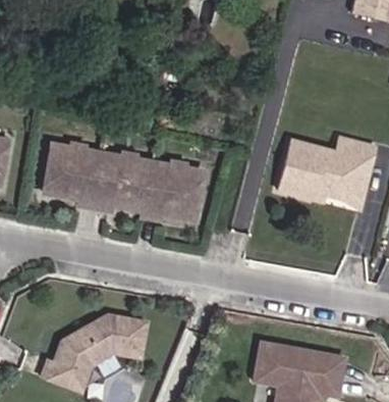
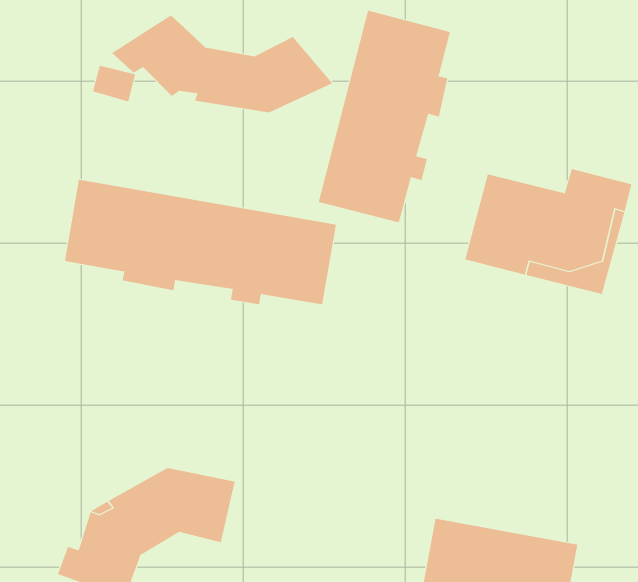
building: none -> [318,10,450,223]
building: none -> [111,15,333,113]

